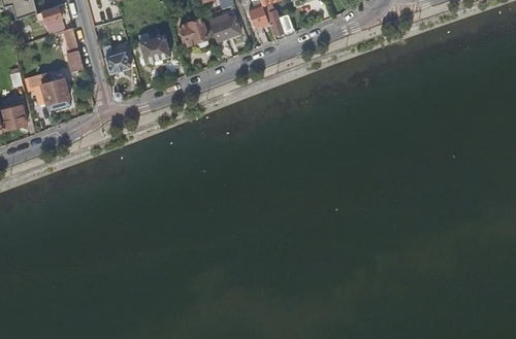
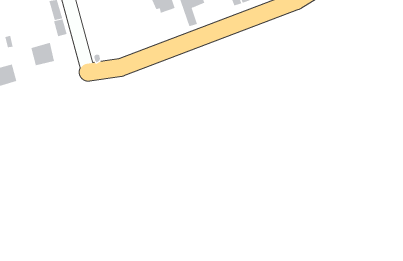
building: [137,35,169,64] -> none
building: [105,50,131,73] -> none

